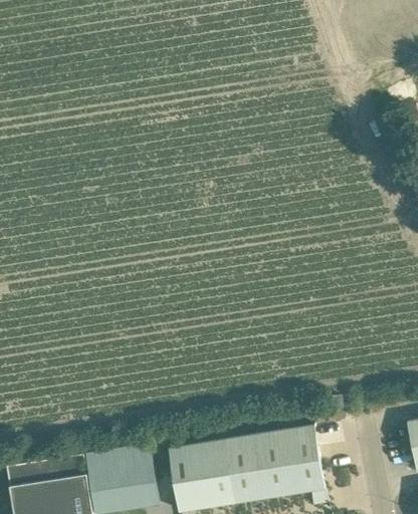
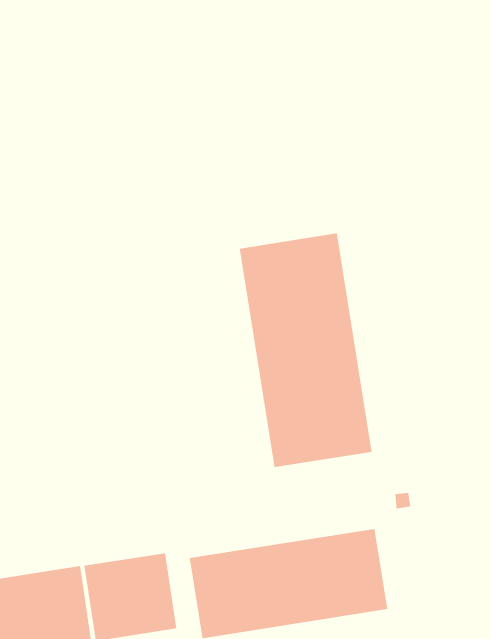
building: none -> [239,232,372,468]

